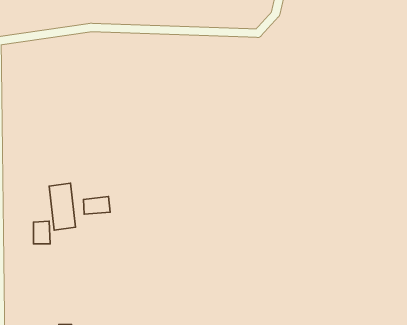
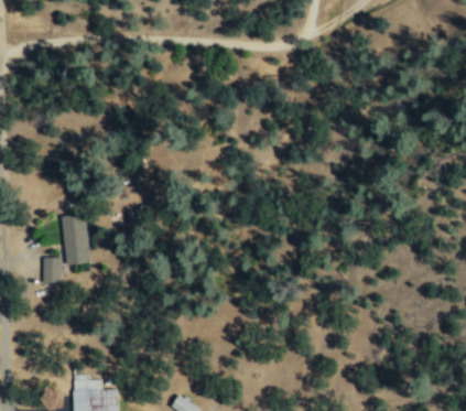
building: [84,197,110,214] -> none

